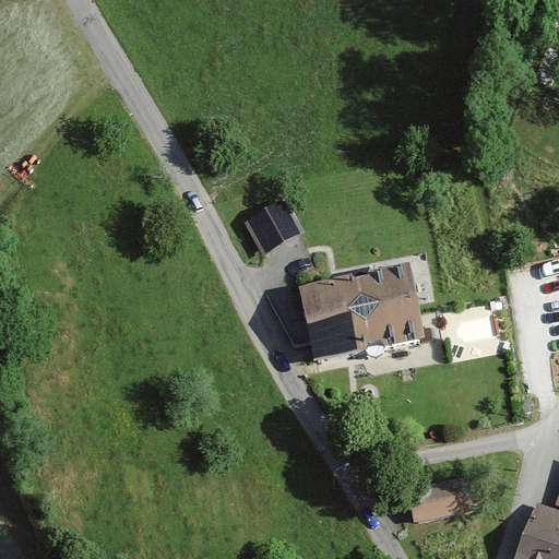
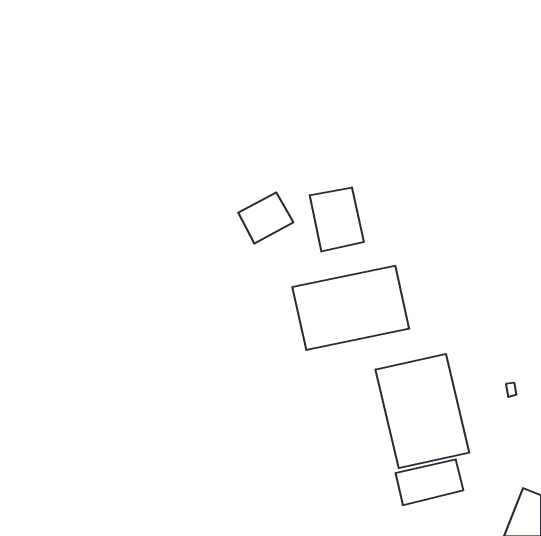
building: none -> [310,187,364,252]
building: none -> [376,354,469,468]

